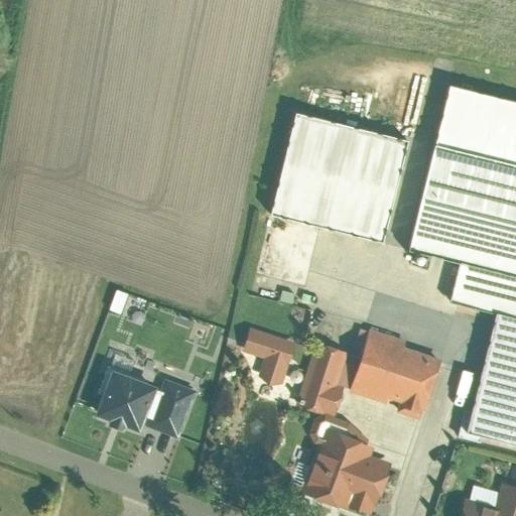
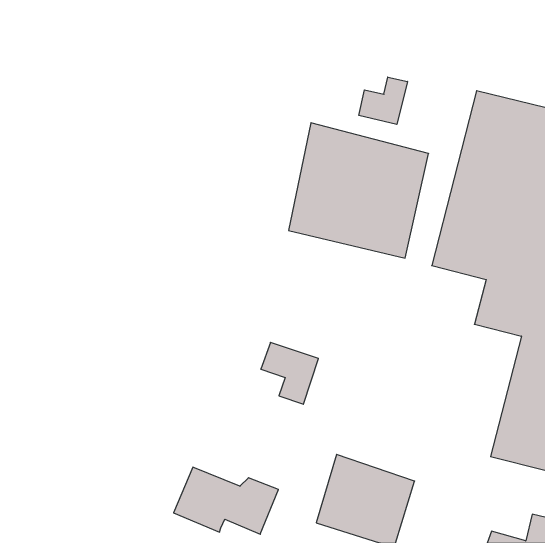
building: none -> [359,77,407,124]
building: [301,327,449,417] -> none
building: [95,371,194,434] -> [174,467,278,534]

